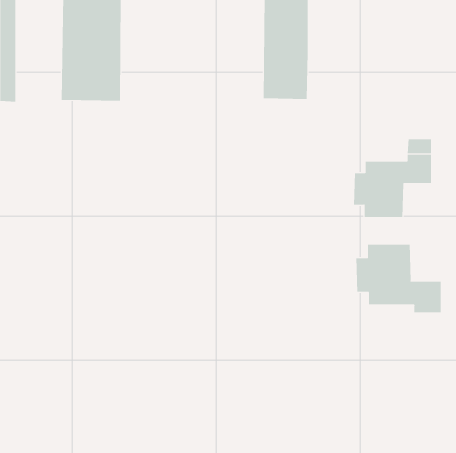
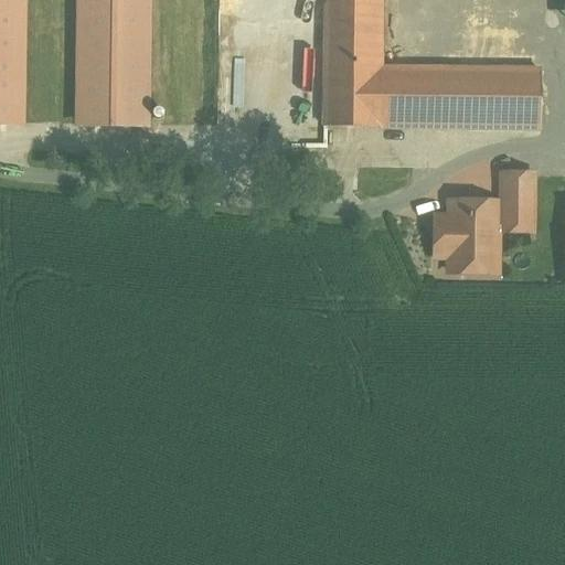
building: none -> [380,65,541,124]
building: [356,244,441,313] -> none

